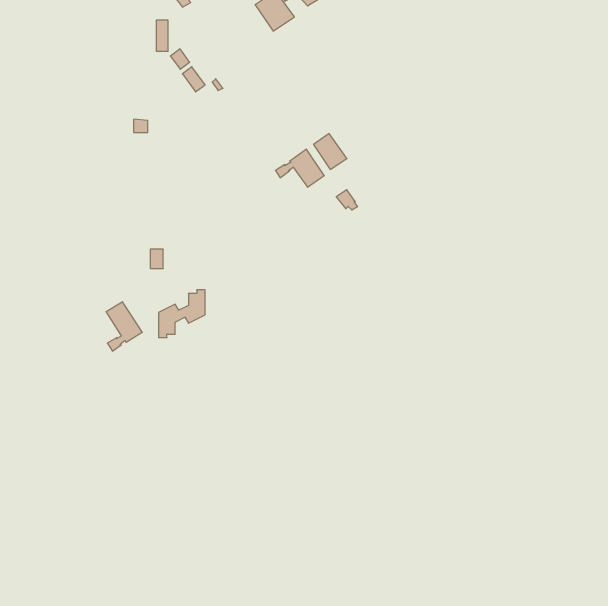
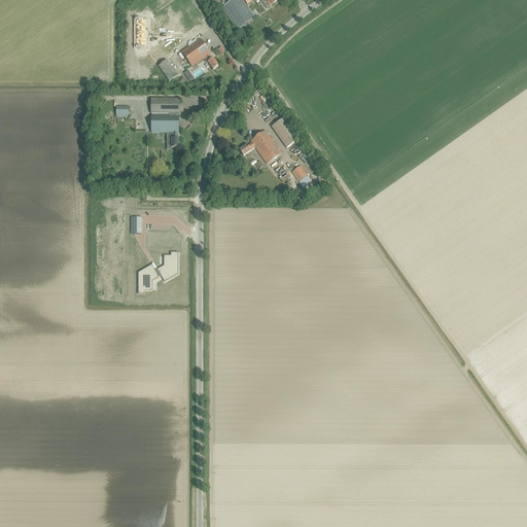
building: none -> [180,36,217,67]
building: none -> [150,96,178,145]
building: [106,302,142,351] -> none

